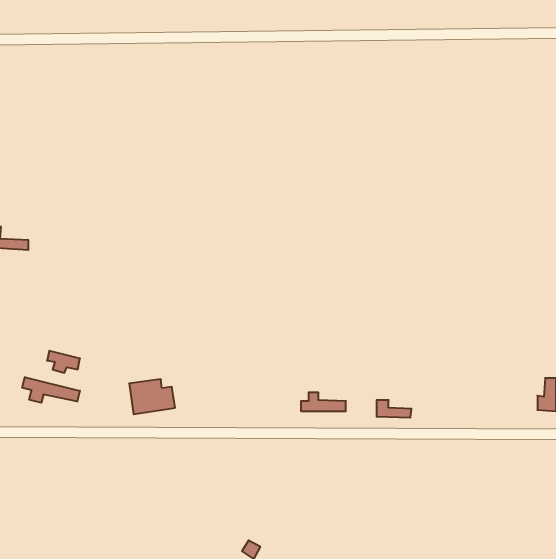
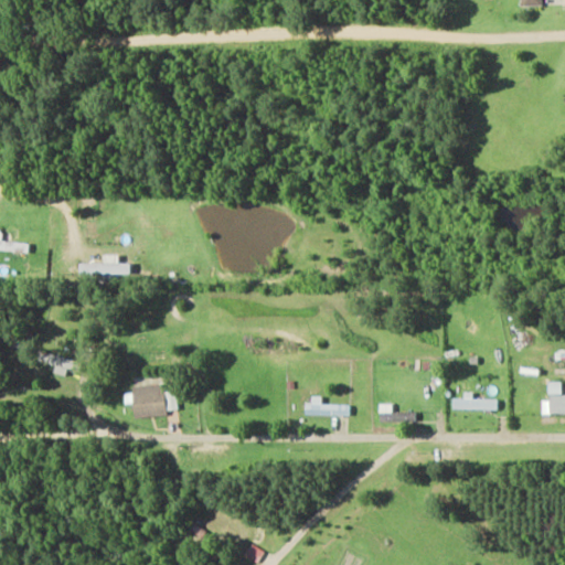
building: none -> [78,255,130,277]
building: [22,377,80,403] -> none
building: none -> [449,391,493,408]

